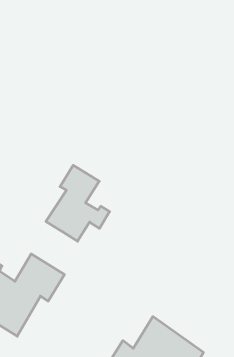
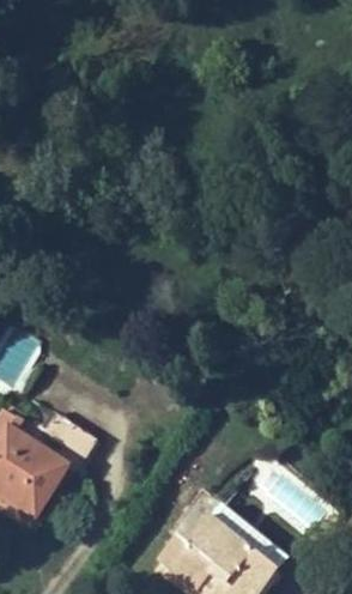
building: [46,165,110,241] -> none

